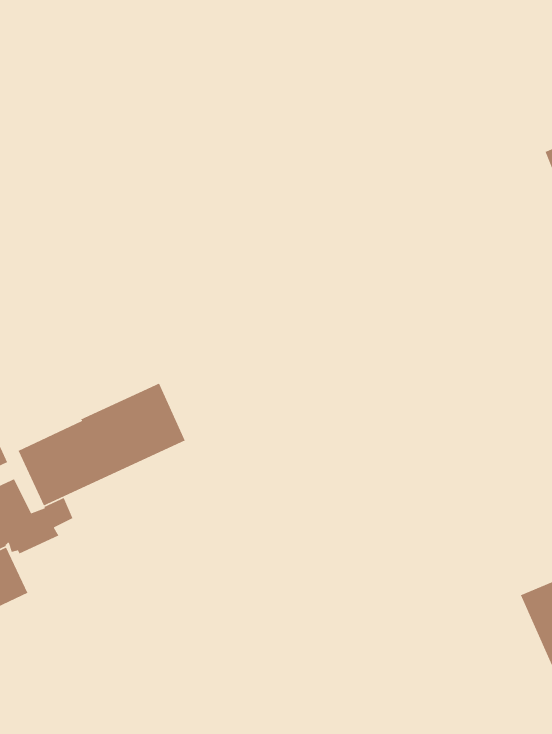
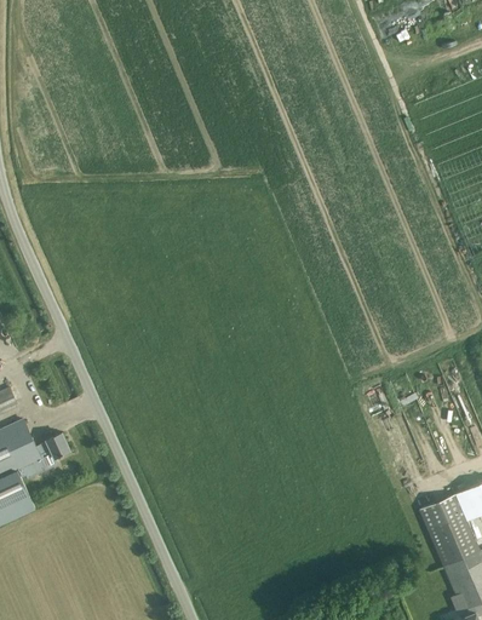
building: [17,382,186,506] -> none

